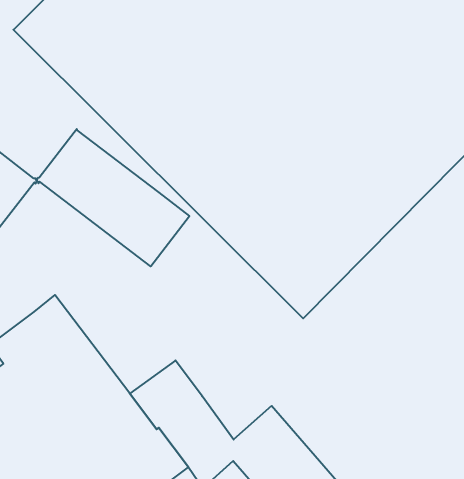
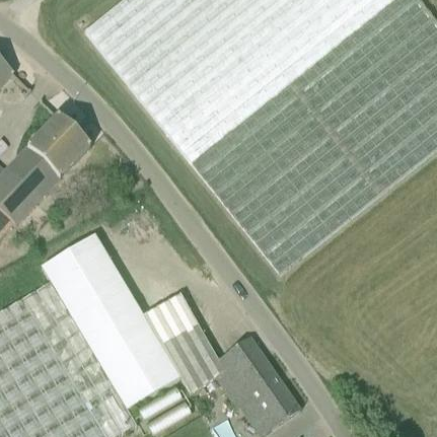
building: [37,129,189,266] -> none

